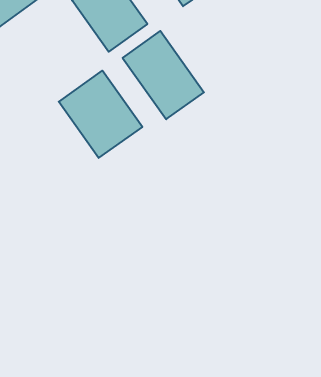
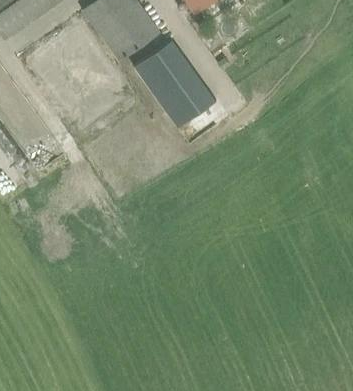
building: [59,71,142,158] -> none

